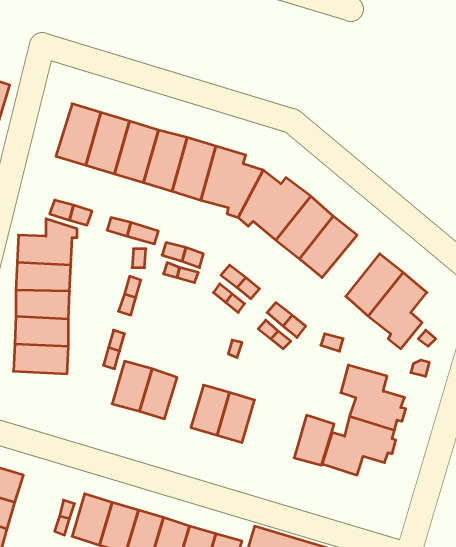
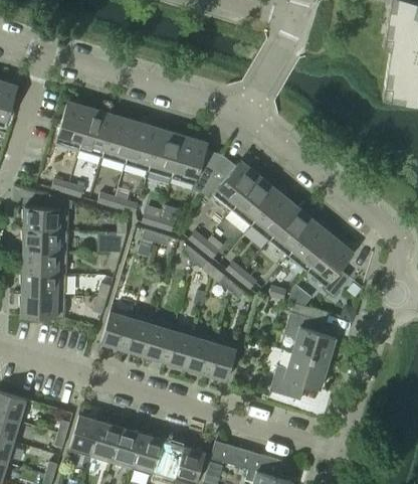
building: none -> [269,206,316,256]
building: none -> [143,321,174,361]
building: [294,415,334,465] -> [205,339,237,379]

